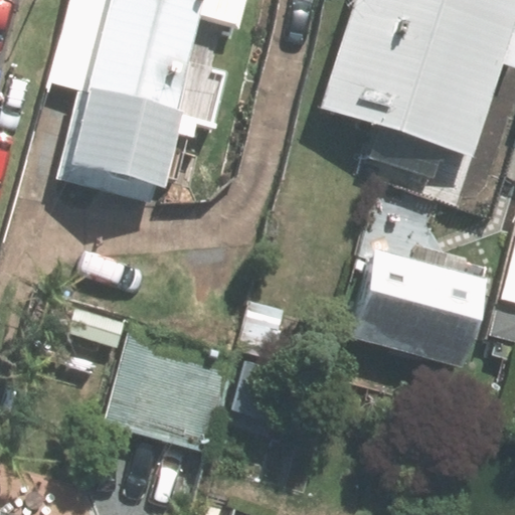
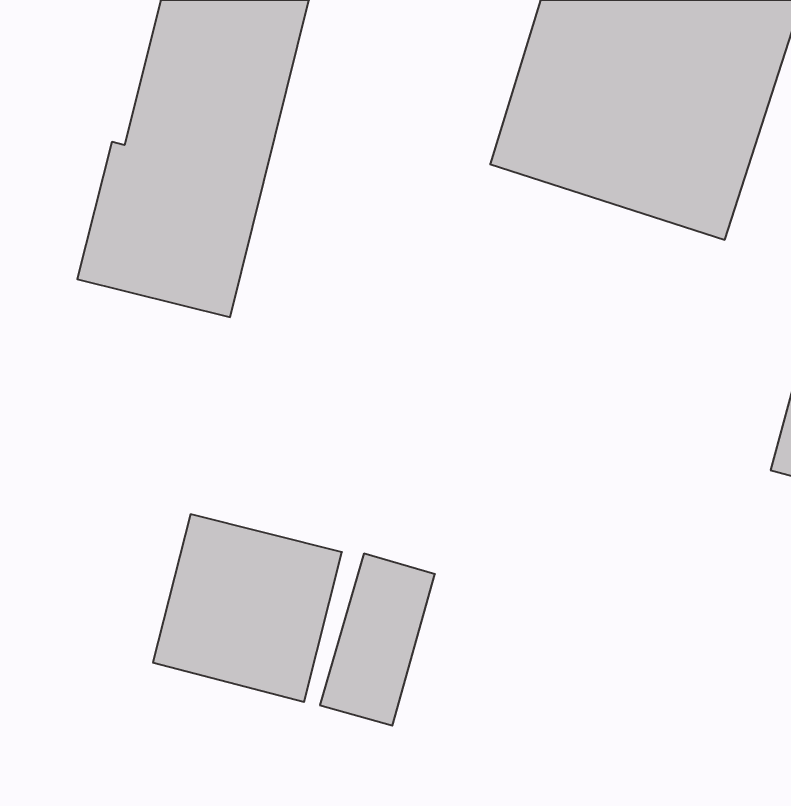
building: [352,246,490,369] -> none

